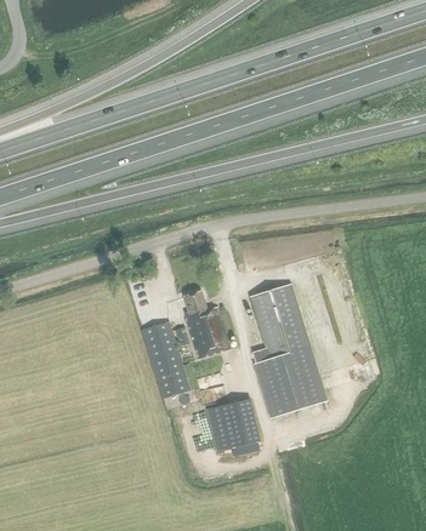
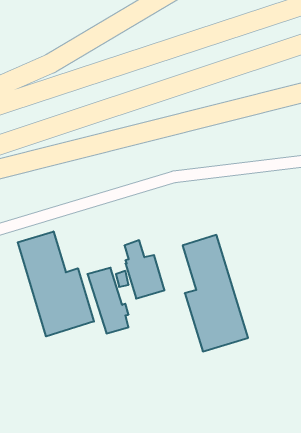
building: none -> [18,231,94,336]
building: [205,396,261,450] -> none

